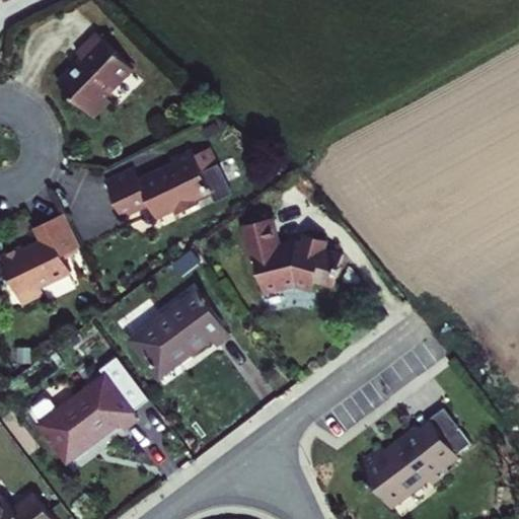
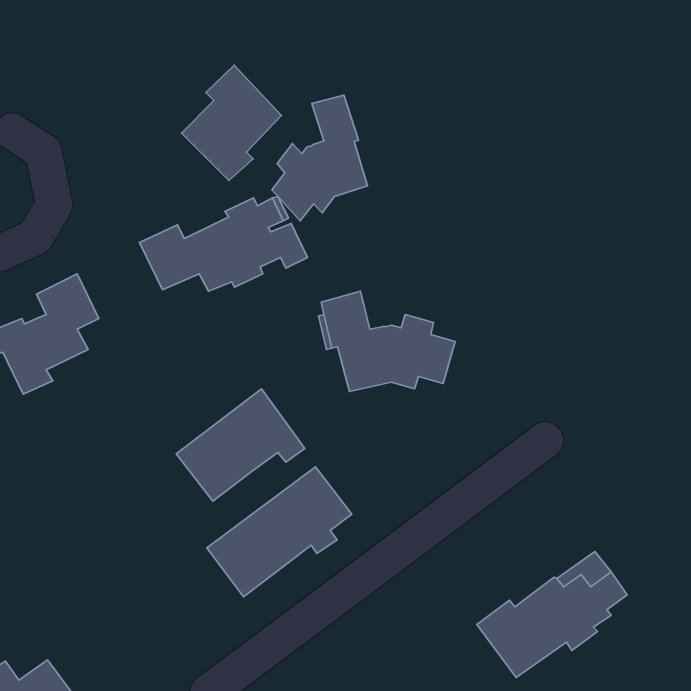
building: [56,31,131,118] -> [181,65,282,180]
building: none -> [272,95,367,221]
building: [40,364,148,461] -> [207,467,352,597]

